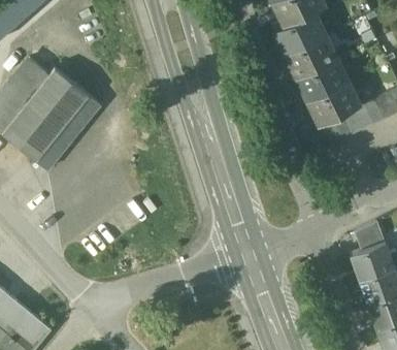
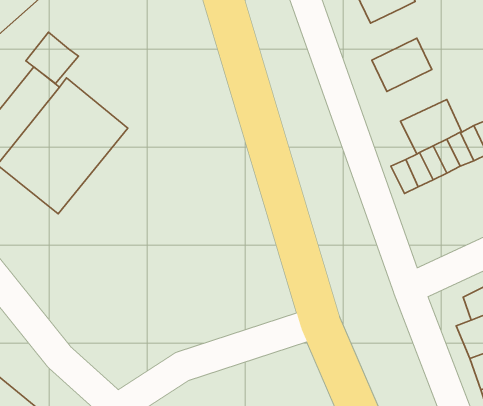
building: [274,13,320,53] -> none
building: none -> [26,32,78,84]
building: [297,60,342,99] -> none

